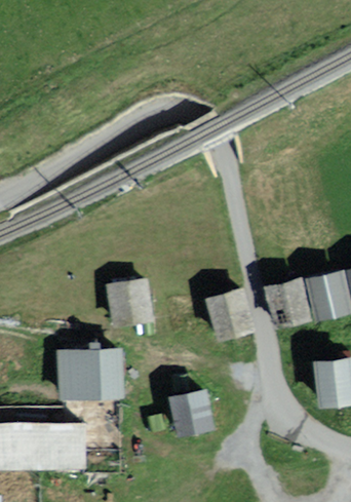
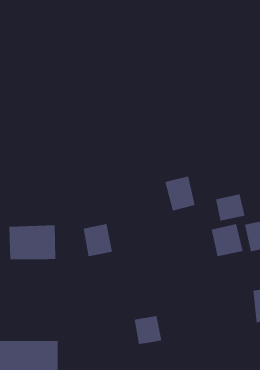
building: none -> [216,194,245,222]
building: [210,293,248,336] -> [165,176,196,211]
building: [60,351,118,394] -> [9,225,56,260]

